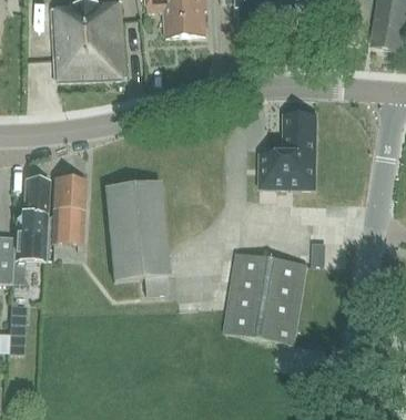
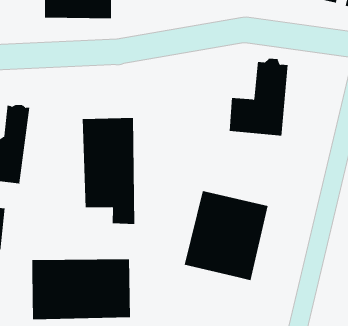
building: [50,174,85,243] -> none
building: none -> [32,258,130,320]

